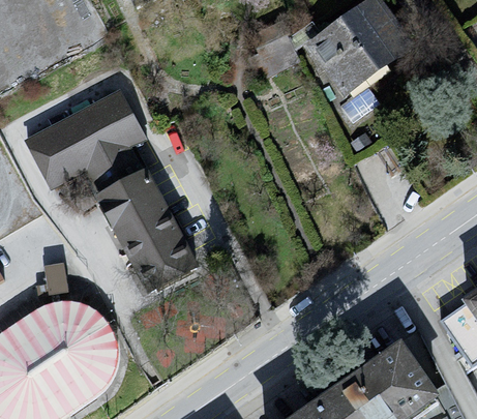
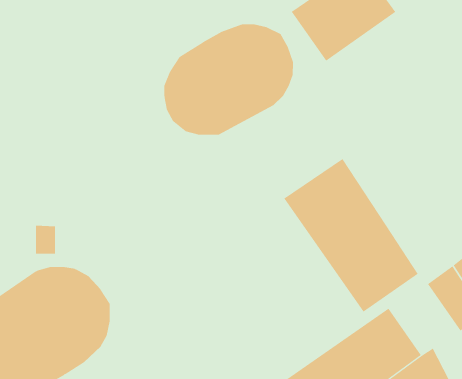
building: none -> [164,23,294,136]
building: [24,89,198,294] -> none
building: none -> [284,158,419,313]

